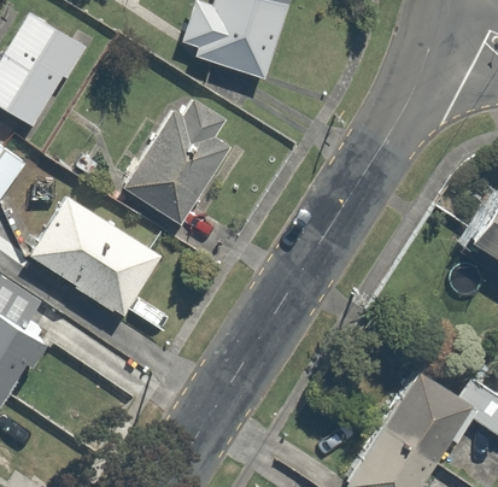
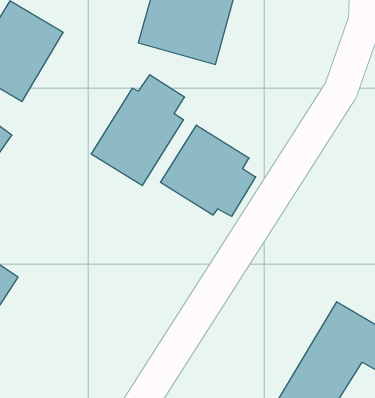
building: none -> [160,125,256,216]
building: [25,193,164,317] -> none

